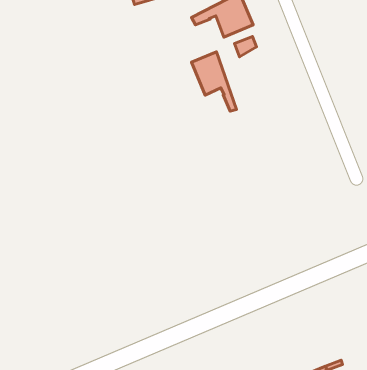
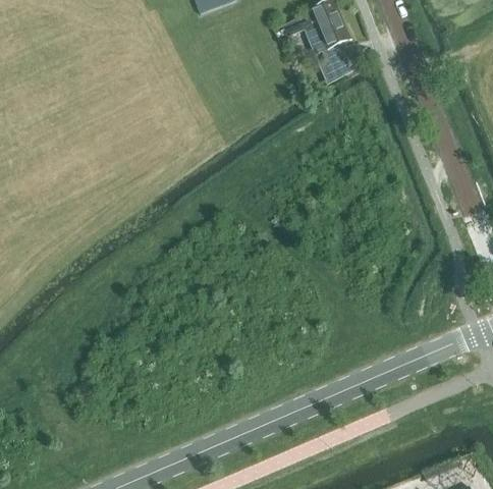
building: [191,52,236,111] -> none

